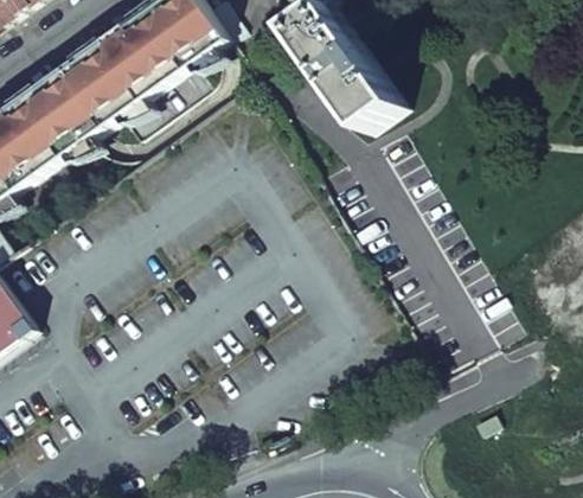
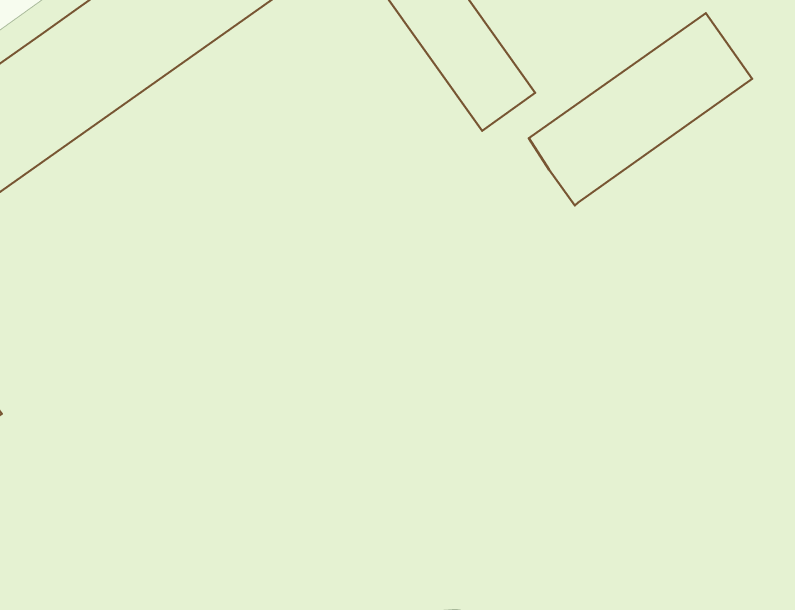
building: none -> [529,13,752,206]

